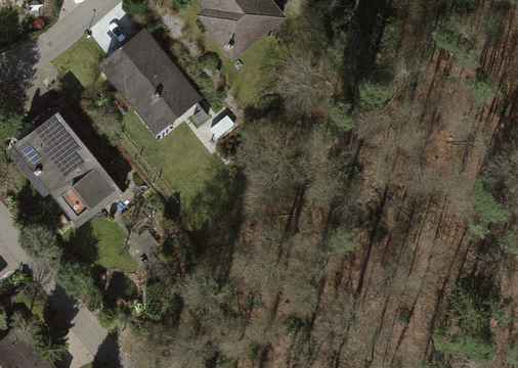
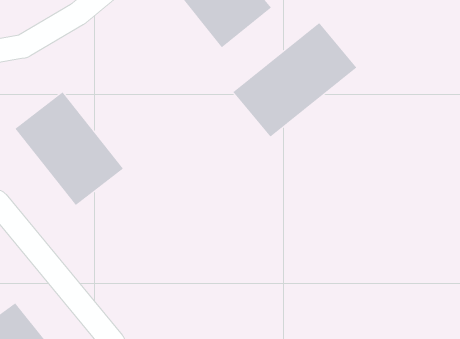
building: [96,27,200,136] -> none
building: none -> [233,22,357,137]

